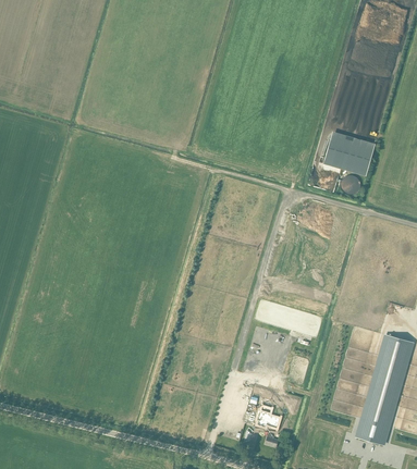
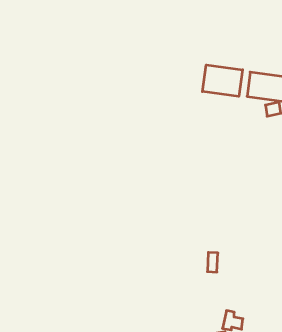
building: none -> [202,65,243,96]

